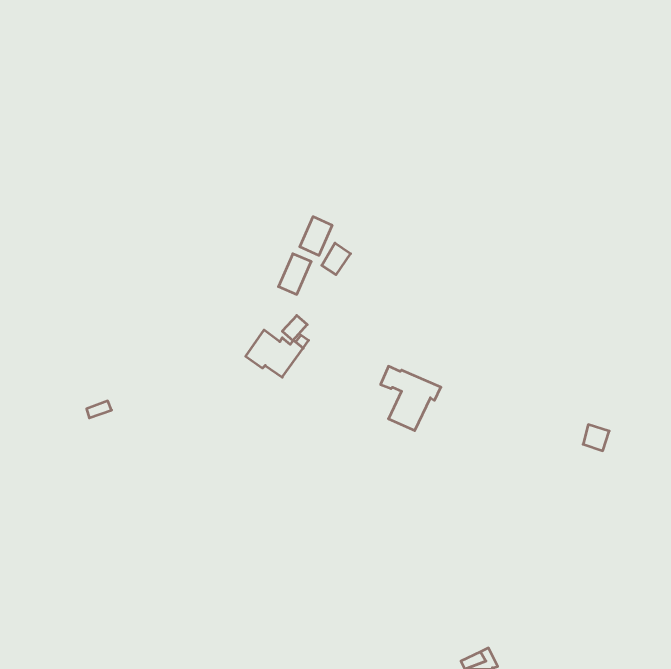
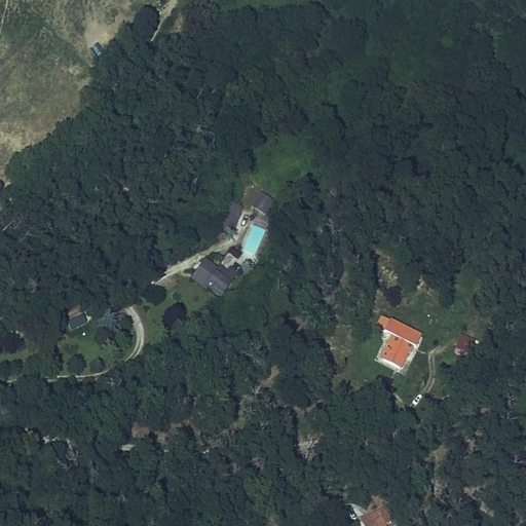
building: [300,217,332,255] -> none
building: [381,366,441,431] -> [375,315,422,366]

